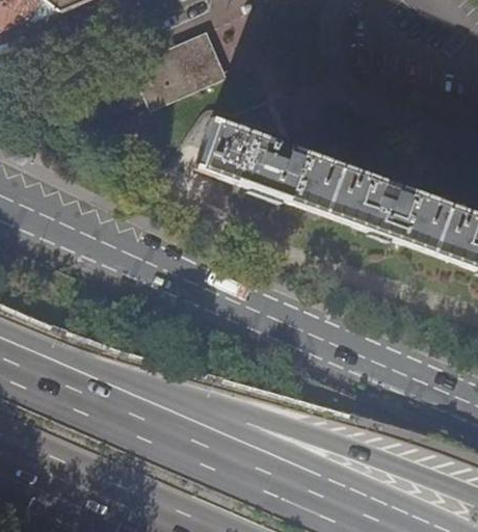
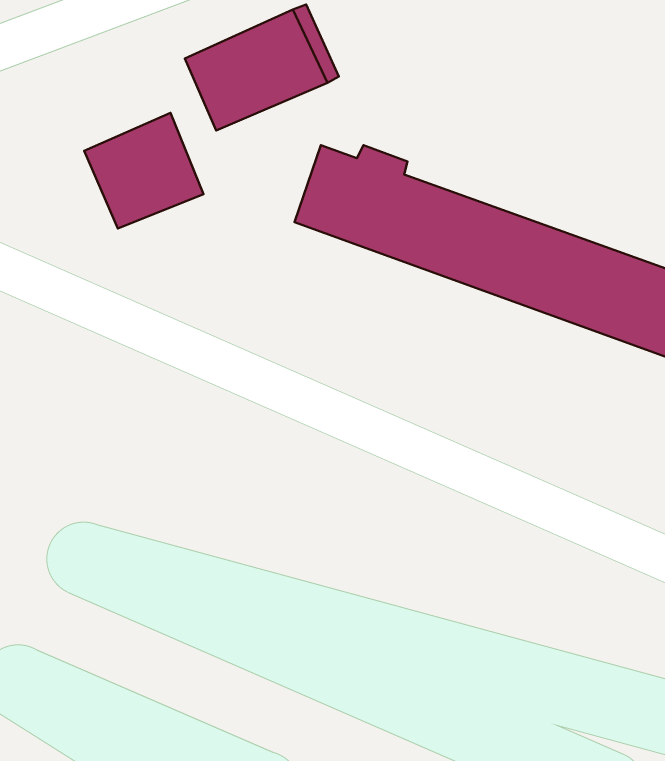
building: none -> [84,113,204,229]

